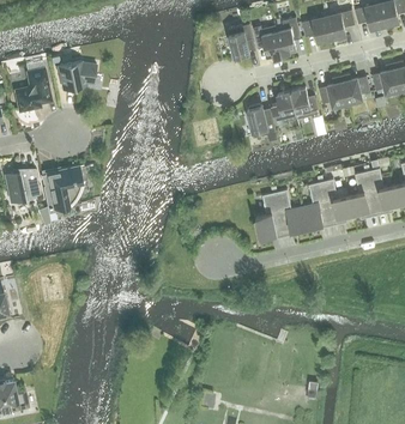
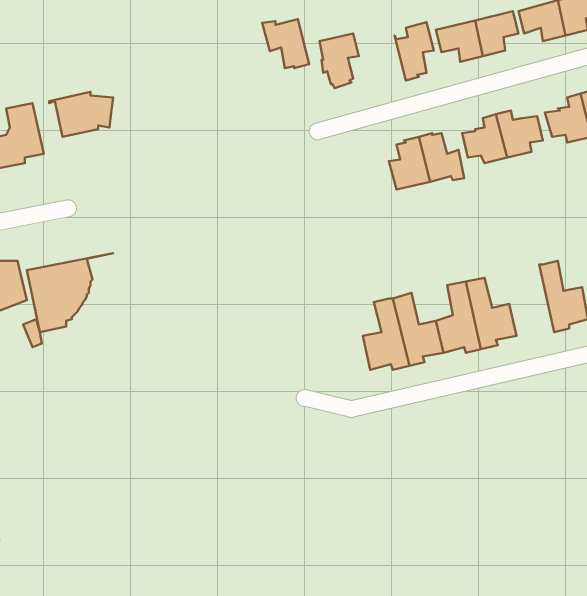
building: [253,25,283,56] -> [262,19,309,68]
building: [247,104,276,138] -> none
building: [349,171,377,217] -> none

